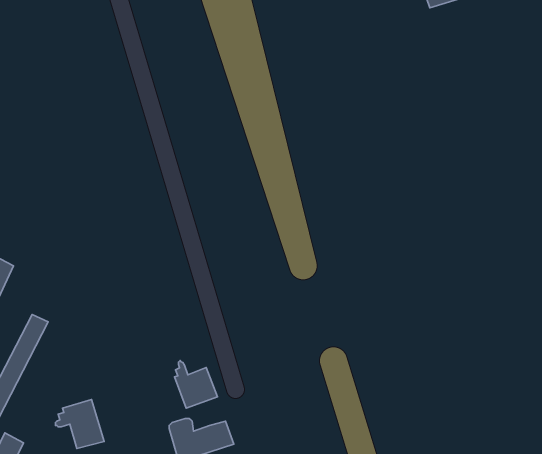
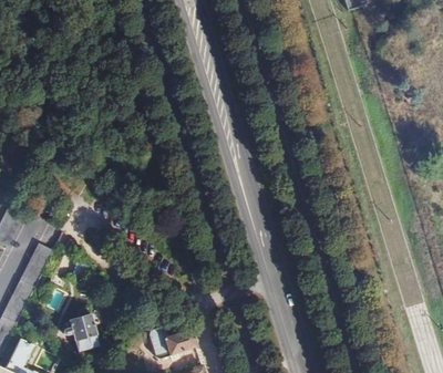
building: [175,361,218,408] -> none

